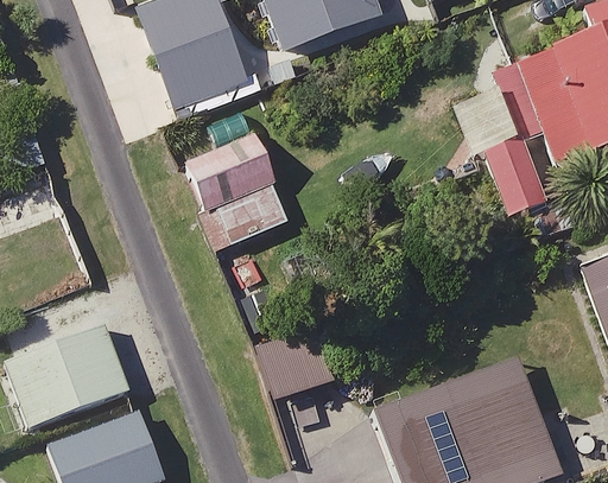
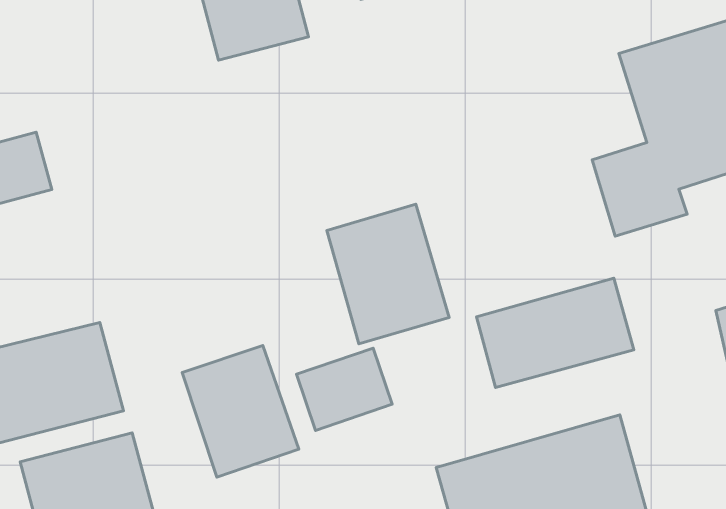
building: [188,133,290,247] -> [327,204,449,344]
building: none -> [477,278,634,387]
building: none -> [182,346,299,477]

